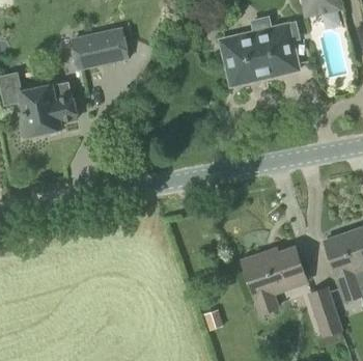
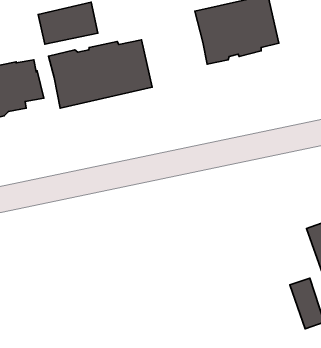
building: none -> [49,40,152,108]
building: [242,247,306,313] -> none

